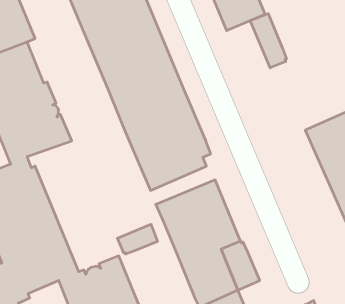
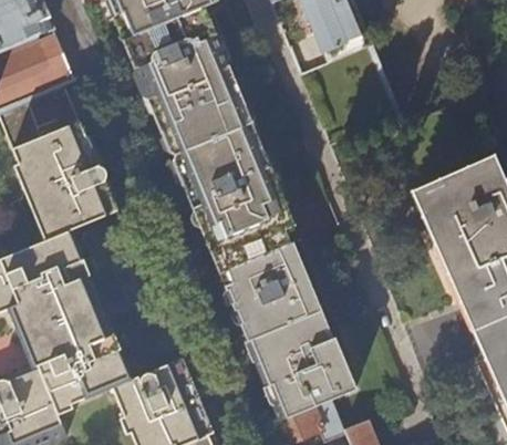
building: [250,14,286,68] -> none
building: [117,224,157,254] -> none

